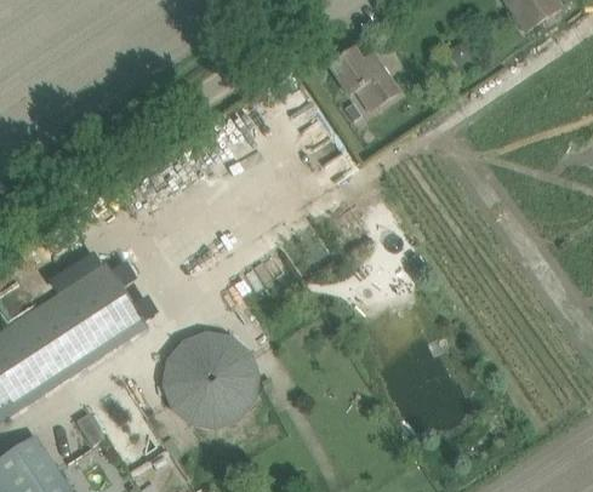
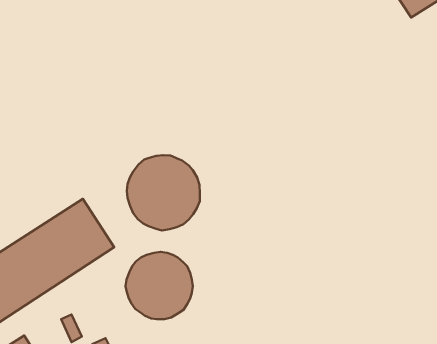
building: [330,48,400,113] -> none
building: none -> [127,155,200,230]

